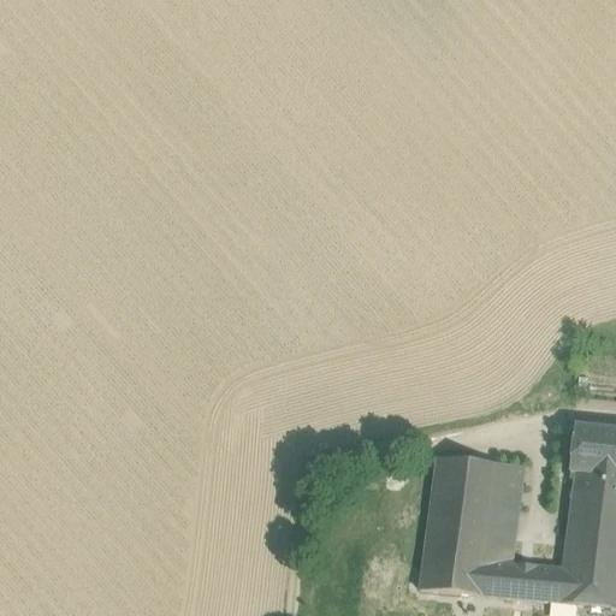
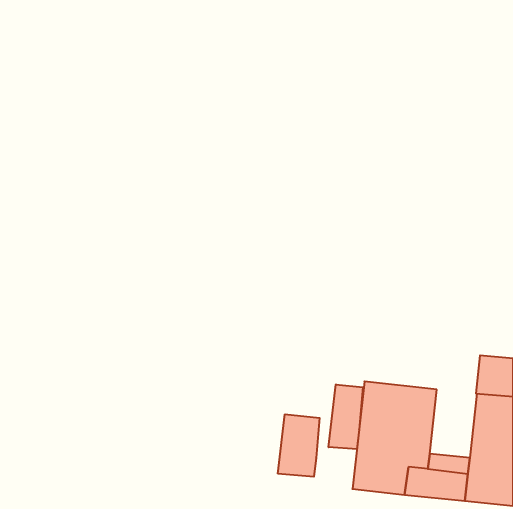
building: none -> [329,384,363,449]
building: none -> [278,414,320,477]

